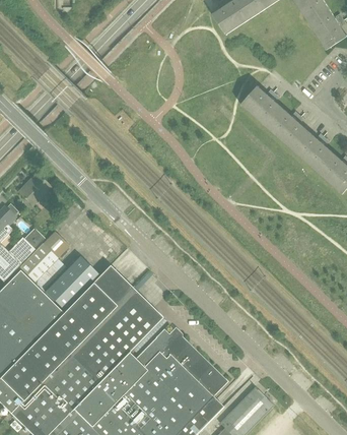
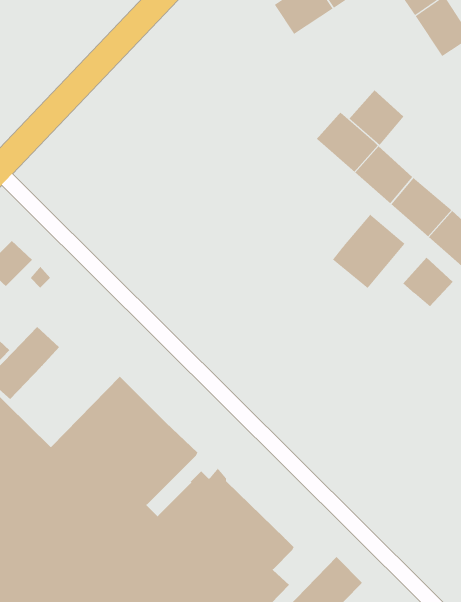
building: none -> [348,90,404,146]
building: none -> [332,213,407,289]
building: none -> [402,257,454,307]
building: [44,255,97,309] -> none

